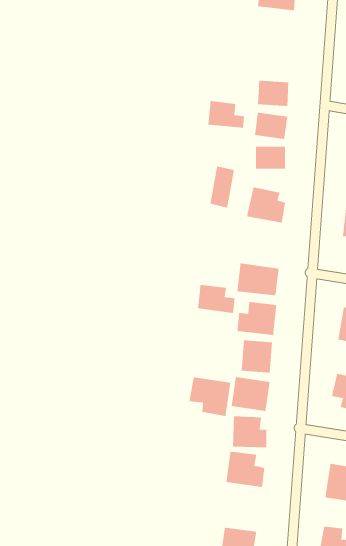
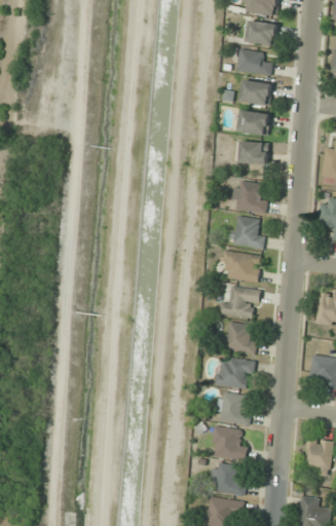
building: none -> [247,21,276,45]
building: [208,101,245,128] -> [236,49,271,75]
building: [210,166,235,208] -> none
building: none -> [230,216,264,249]
building: [197,284,235,314] -> none
building: [189,376,231,417] -> none
building: none -> [213,465,245,493]

